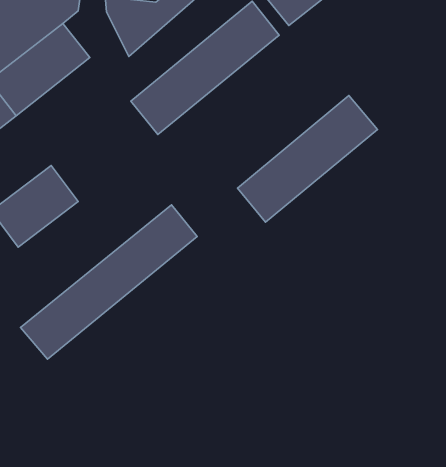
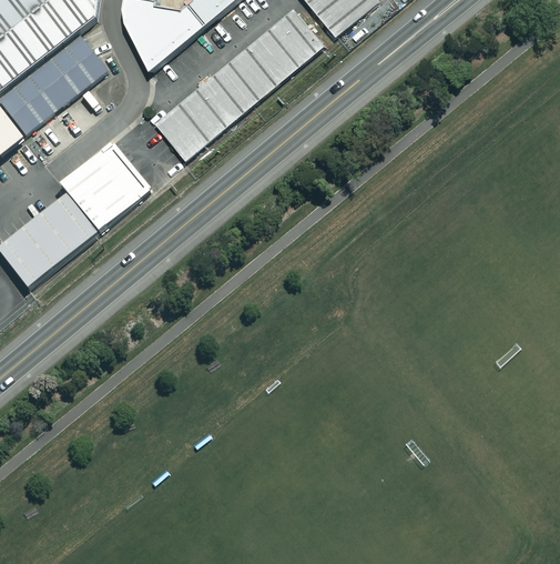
building: [237,96,378,222] -> none
building: none -> [61,144,146,230]
building: [21,205,197,359] -> none

